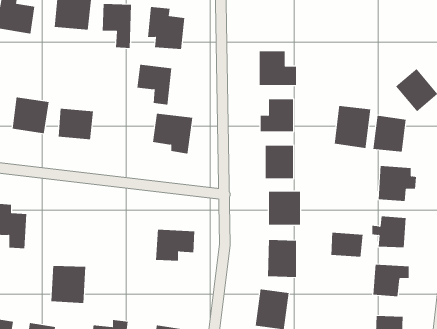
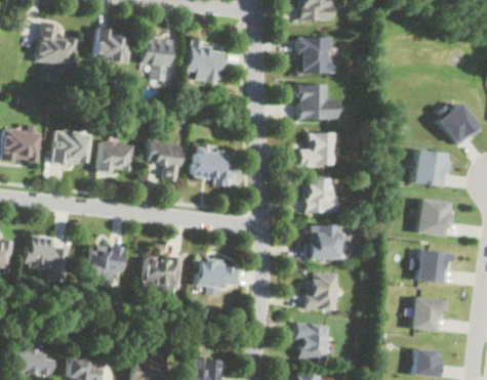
building: none -> [298,38,334,74]
building: [136,64,172,105] -> [146,140,181,181]
building: [334,105,371,149] -> none
building: none -> [144,254,180,291]
building: [331,232,363,257] -> none
building: [50,265,86,303] -> [87,246,123,284]

